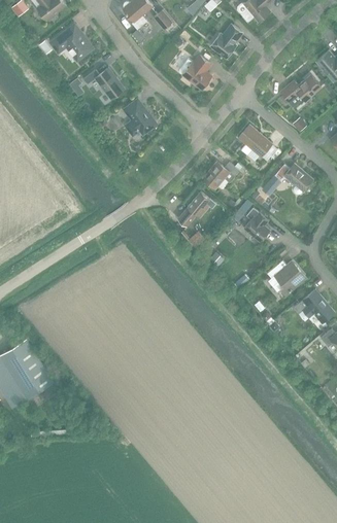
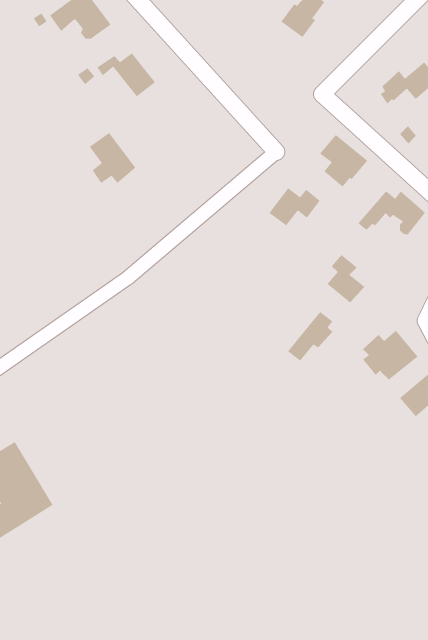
building: [182,55,211,89] -> none
building: [124,98,157,134] -> [89,132,136,184]
building: [177,190,209,225] -> [287,311,333,362]

